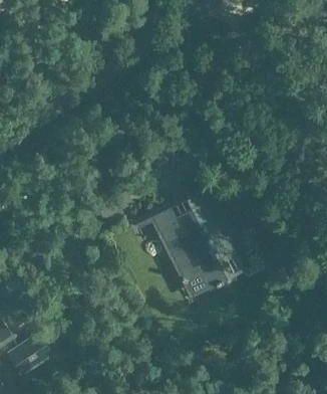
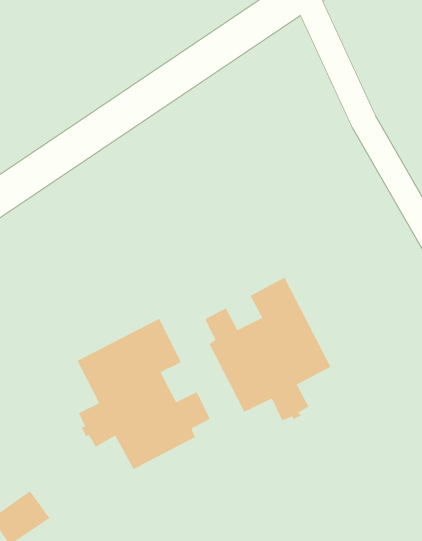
building: none -> [77,318,211,470]

